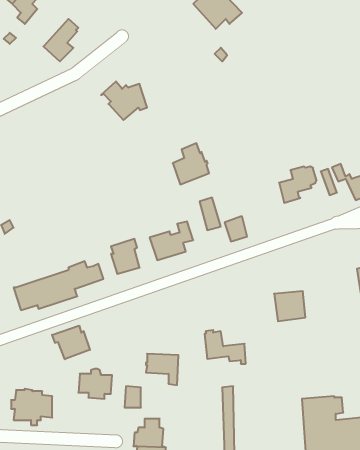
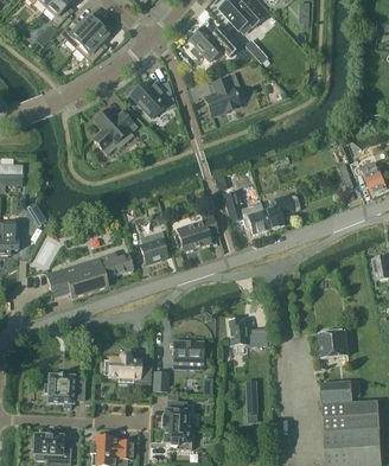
building: none -> [56,14,98,47]
building: none -> [189,25,237,60]
building: none -> [91,107,136,153]
building: [173,143,209,184] -> [204,77,238,116]
building: [279,167,317,203] -> [263,193,299,228]
building: [274,291,305,321] -> [318,330,347,358]
building: [52,326,90,359] -> none

